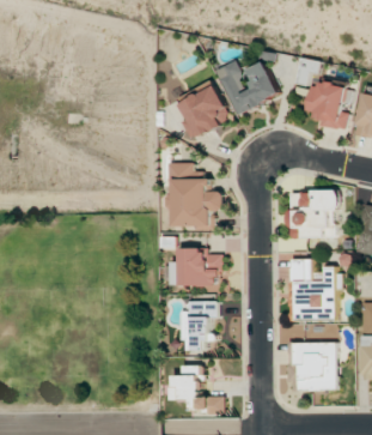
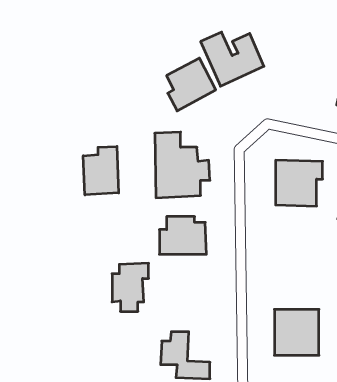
building: [304,80,346,129] -> none
building: none -> [83,146,119,195]
building: [292,259,339,321] -> none
building: [181,301,218,350] -> [112,263,149,311]

